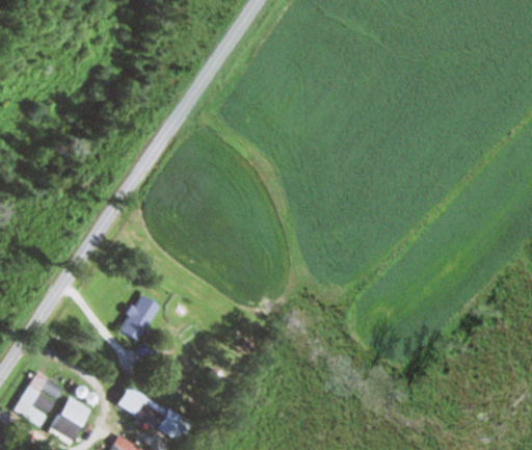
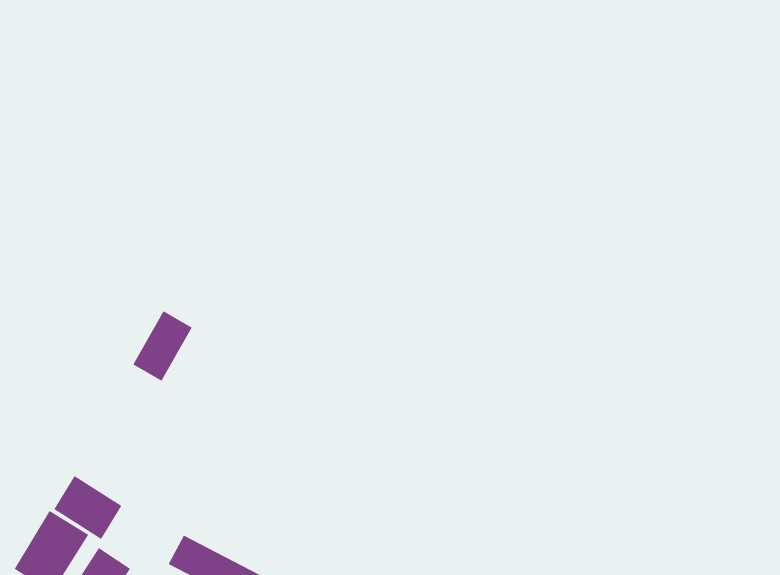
building: [118,293,159,341] -> [132,311,193,381]
building: none -> [54,475,122,540]

